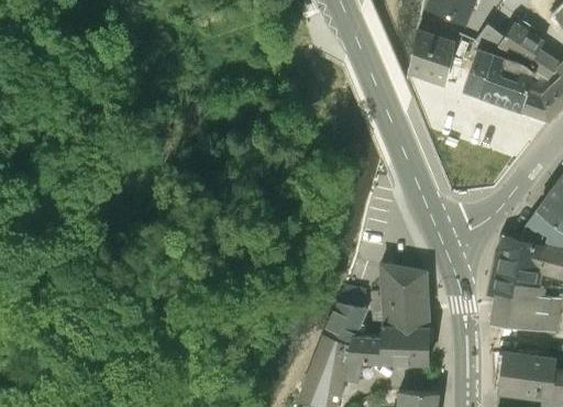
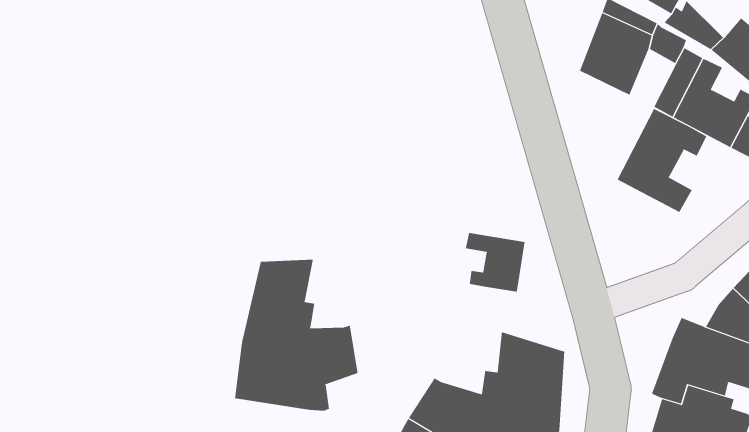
building: none -> [617,108,707,213]
building: none -> [465,232,525,292]
building: none -> [234,259,358,412]

